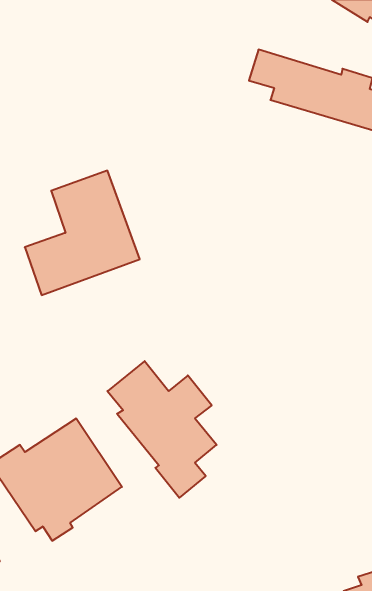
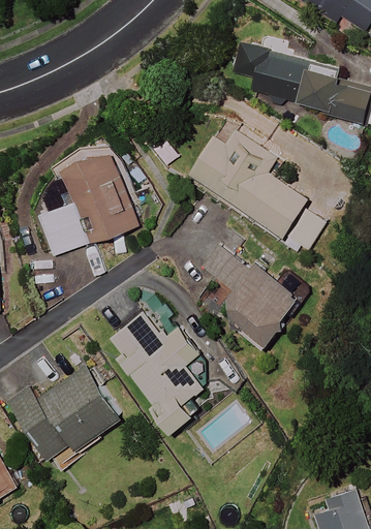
building: none -> [187,117,329,253]
building: none -> [203,246,302,348]

